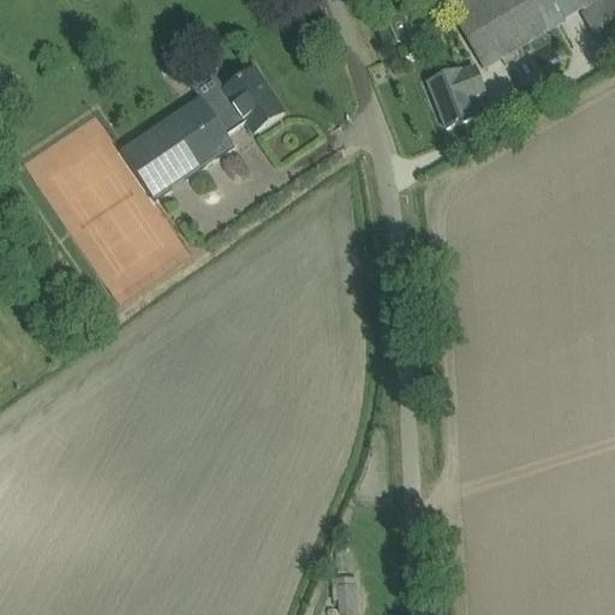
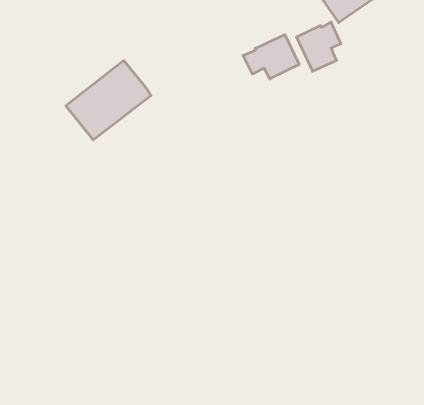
building: [191,65,285,132] -> none
building: none -> [243,35,299,79]

